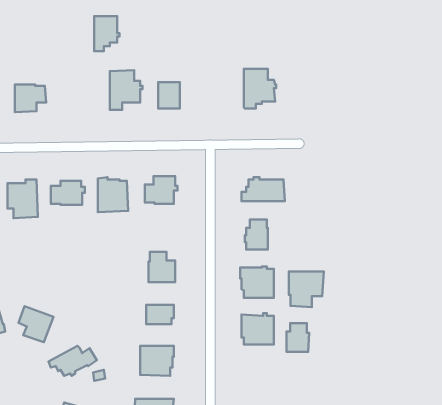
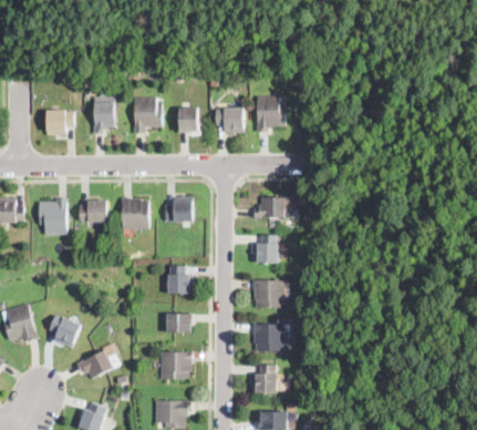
building: [94,16,120,51] -> [93,103,116,135]
building: none -> [215,108,245,134]
building: [289,272,324,307] -> none
building: [286,323,309,352] -> [256,365,277,391]

